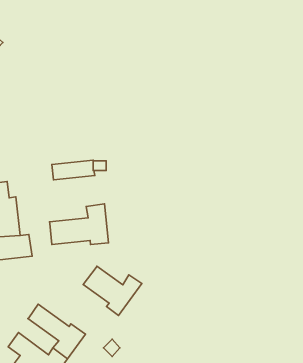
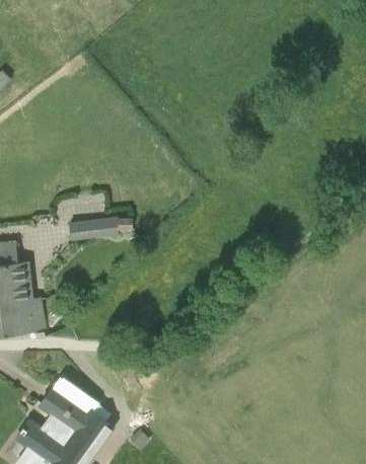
building: [50,204,109,244] -> none
building: [83,266,142,315] -> none

